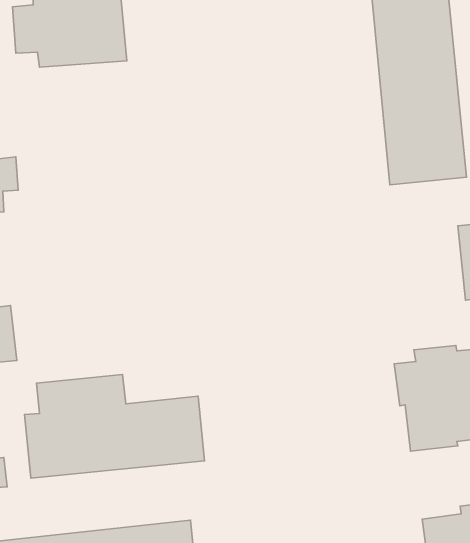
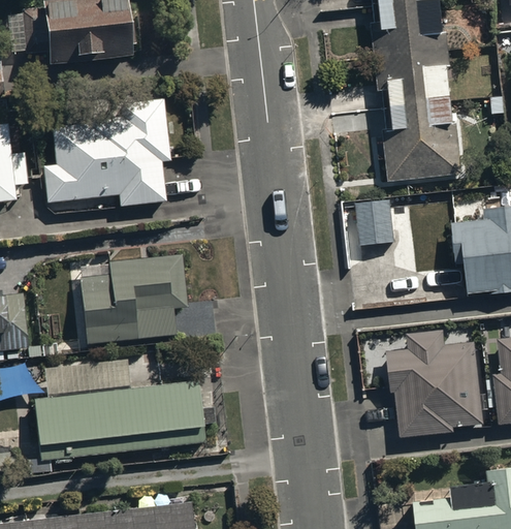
building: none -> [43,100,171,209]
building: none -> [356,197,391,243]
building: none -> [77,252,188,347]

